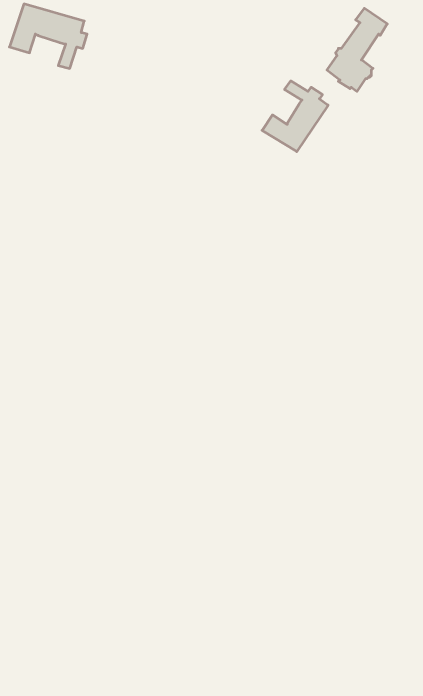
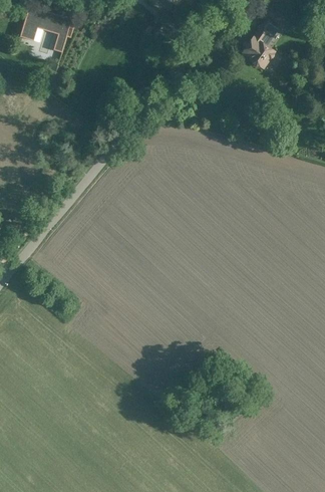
building: [262,81,328,152] -> none

